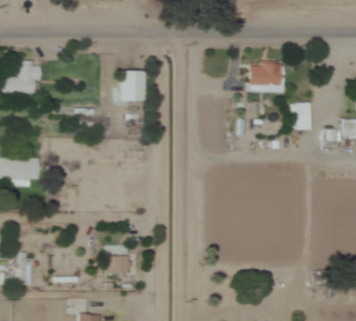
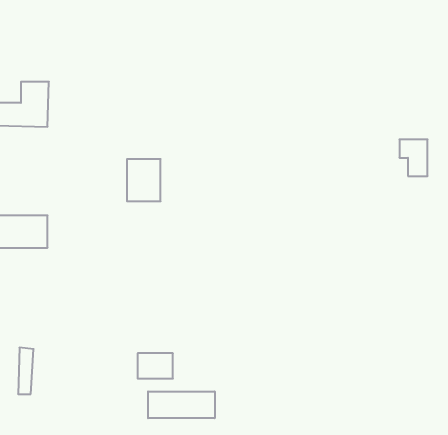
building: [248,63,283,90] -> none
building: [117,71,141,101] -> [127,159,161,201]
building: none -> [148,391,215,418]

